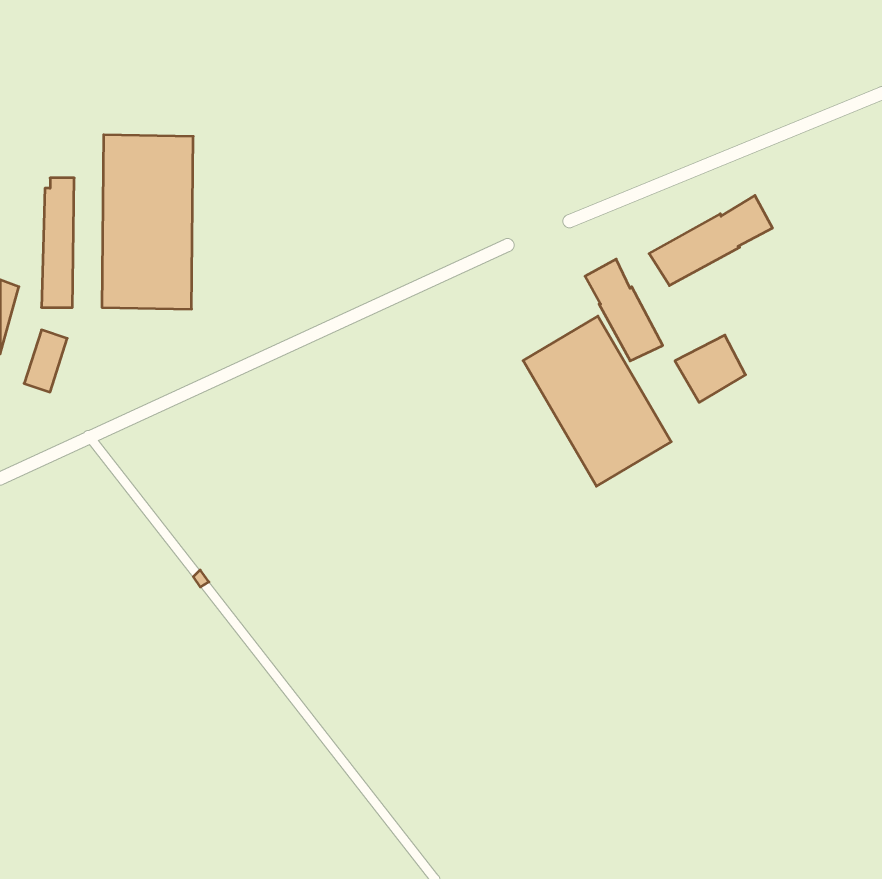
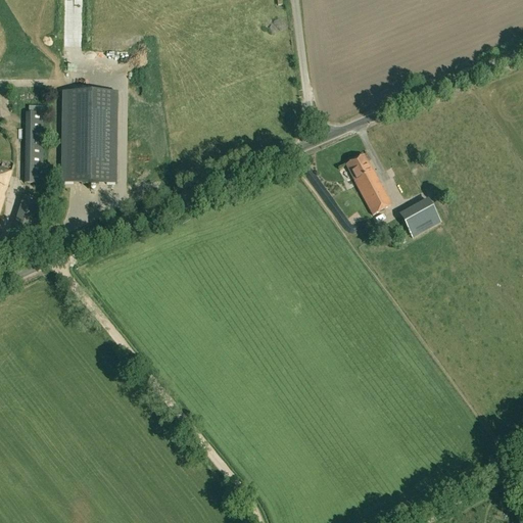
building: [649,195,772,286] -> none
building: [523,316,671,486] -> none

